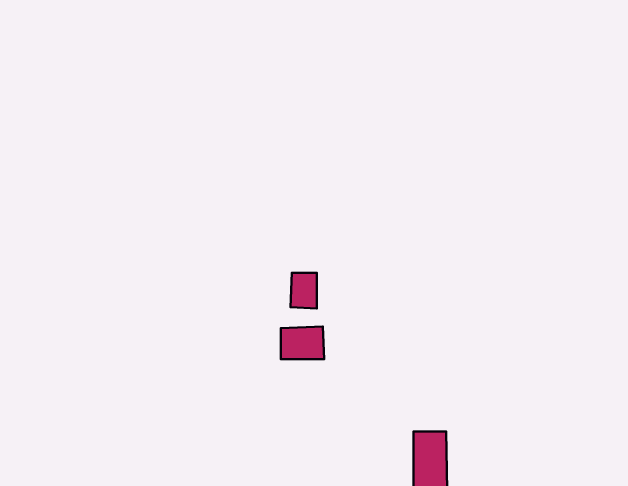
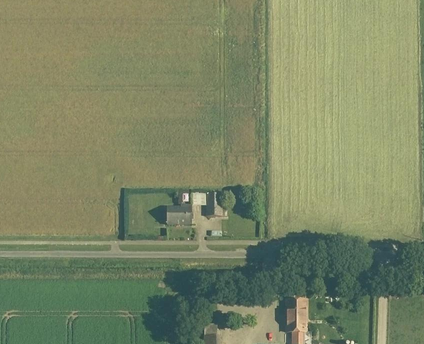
building: [281,327,324,359] -> [163,203,191,224]

